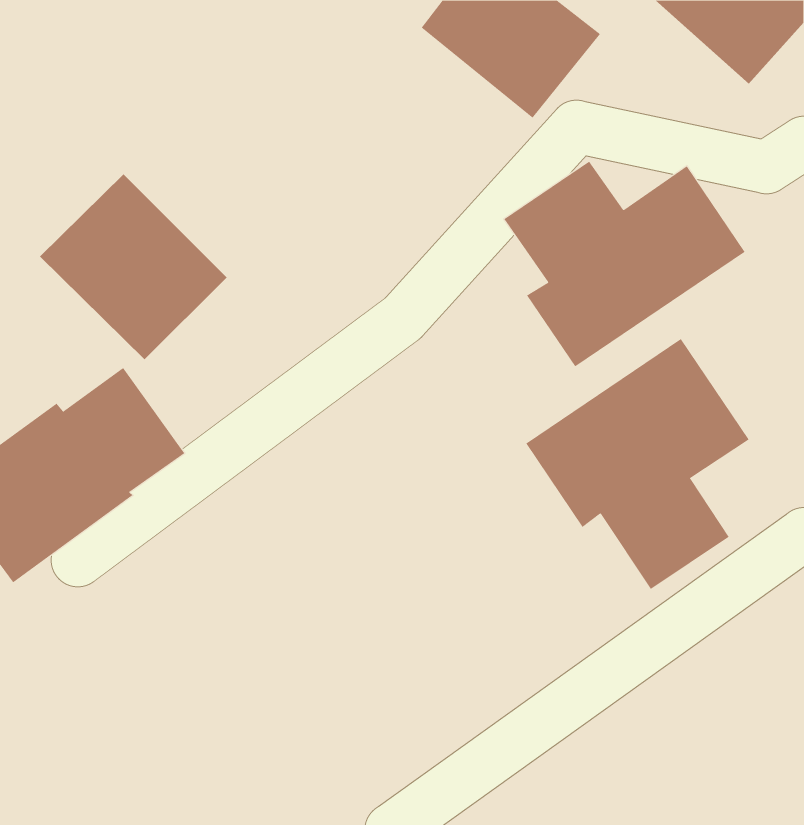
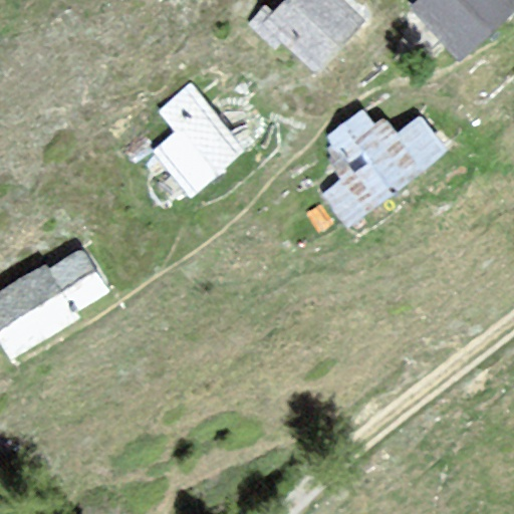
building: [39,174,227,360] -> [131,83,247,199]
building: [525,338,749,590] -> none

